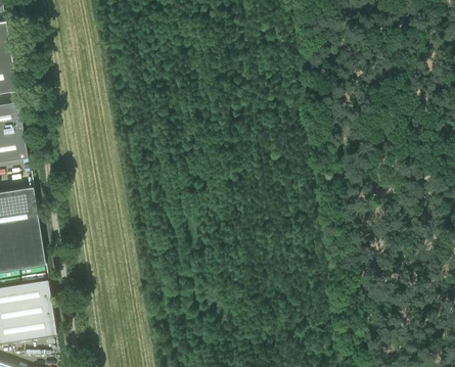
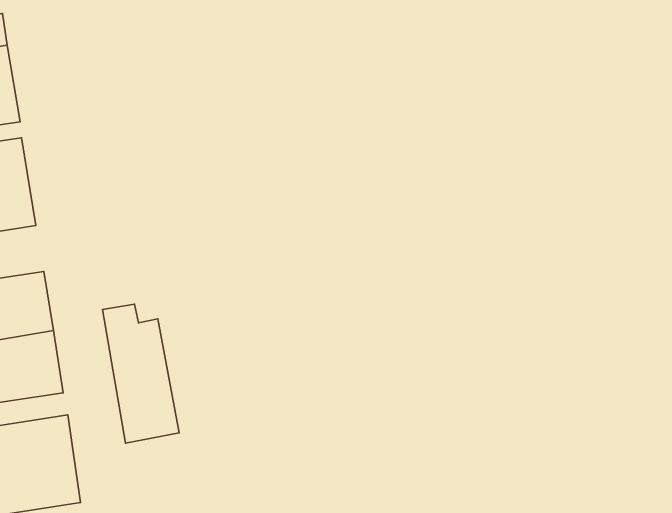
building: none -> [103,304,179,443]

